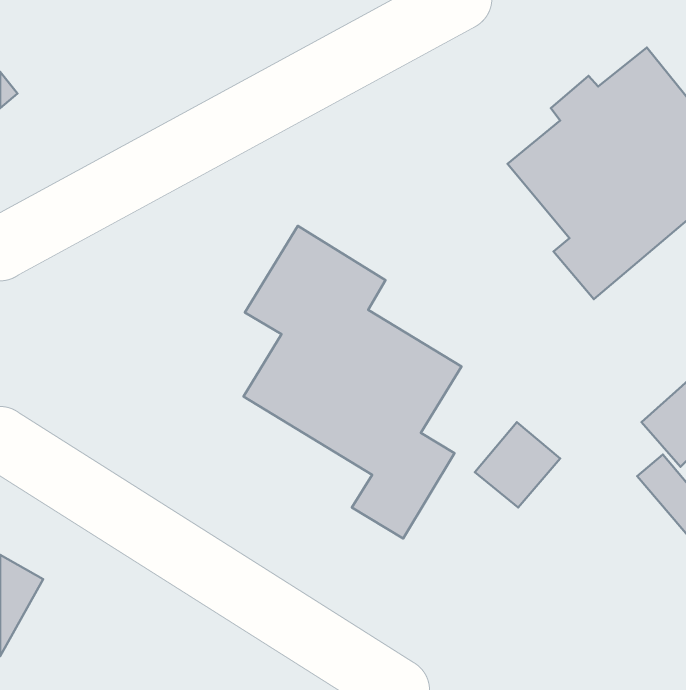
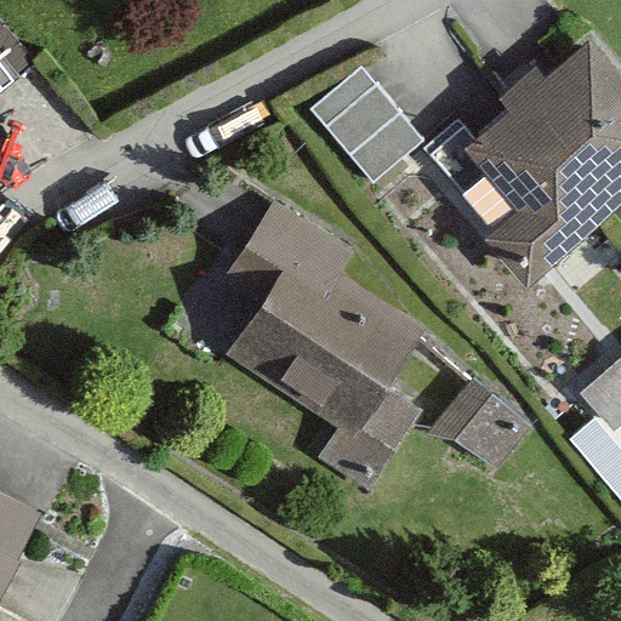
building: none -> [308,70,421,187]

